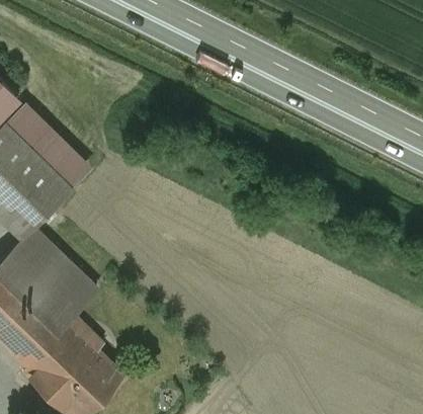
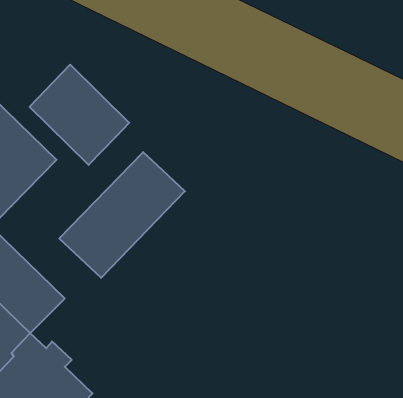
building: none -> [30,65,129,165]
building: none -> [59,152,185,278]

